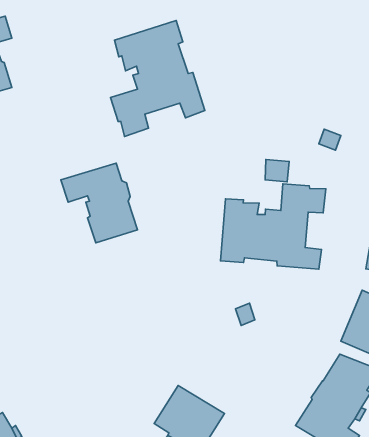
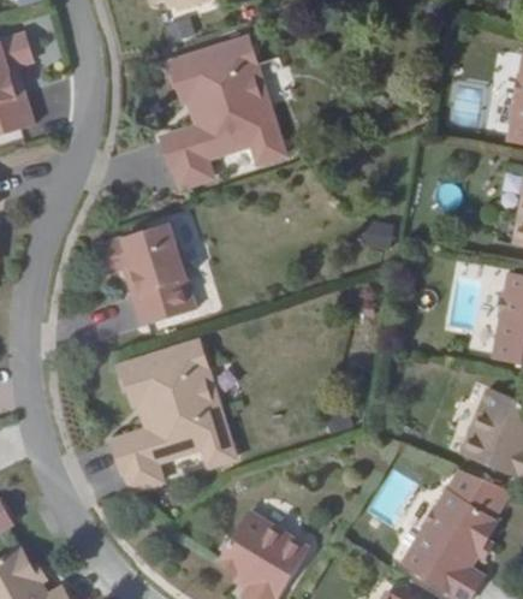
building: [220,184,326,269] -> none
building: none -> [112,340,234,491]

